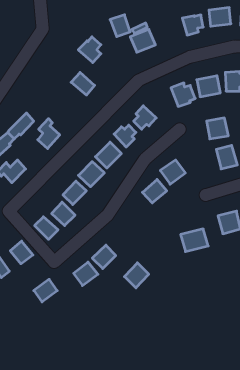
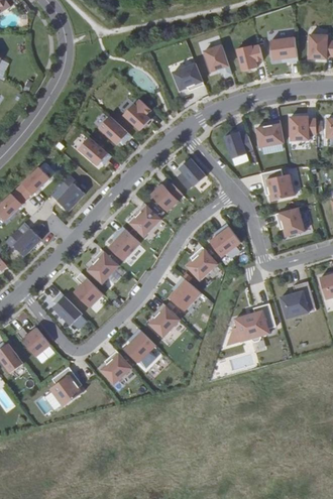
building: [110,15,130,37] -> [203,44,228,72]
building: [78,37,101,63] -> [123,100,151,132]
building: none -> [79,137,108,165]
building: none -> [168,277,198,308]
building: [124,263,149,288] -> [149,305,180,337]

